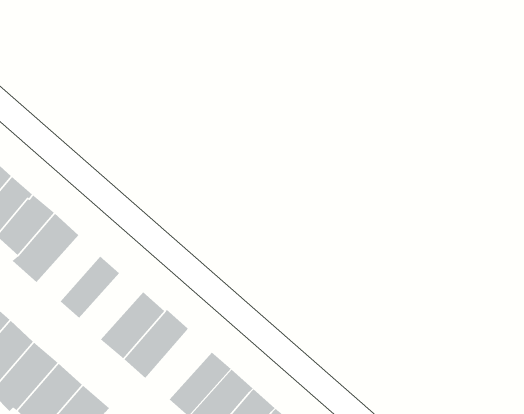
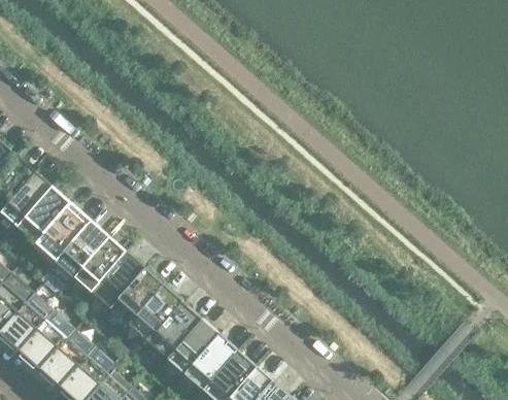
building: none -> [56,222,110,278]
building: none -> [91,253,145,309]
building: none -> [146,302,203,360]

